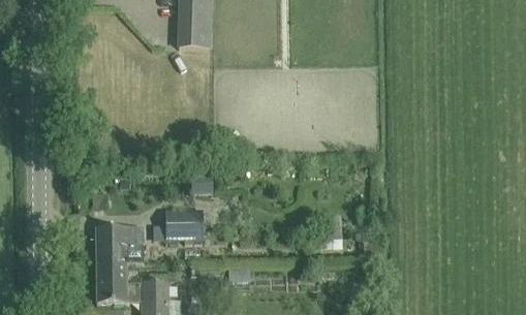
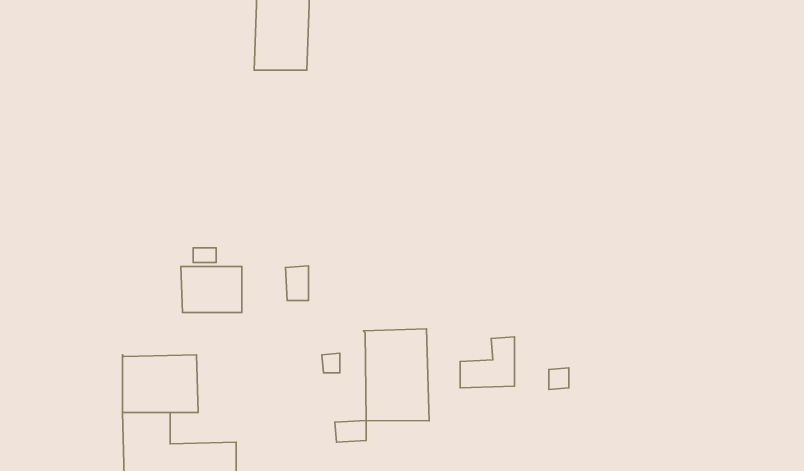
building: [164,210,203,239] -> [181,266,242,312]
building: none -> [363,329,429,421]

